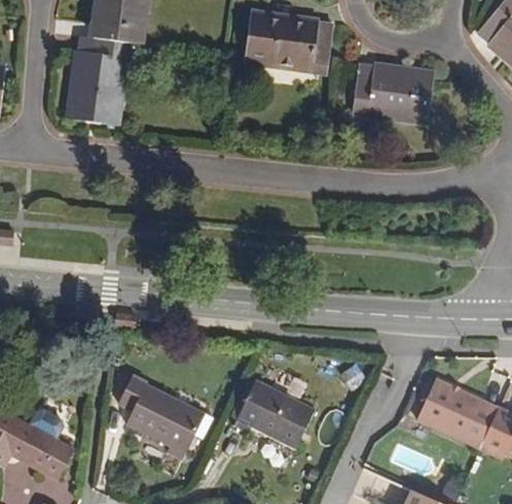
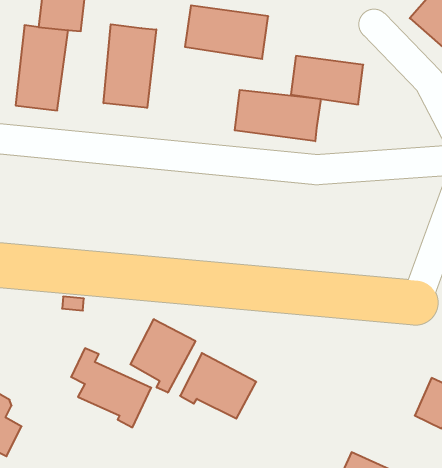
building: none -> [104,24,156,108]
building: none -> [235,90,321,141]
building: none -> [130,319,195,393]
building: [418,374,501,445] -> none

